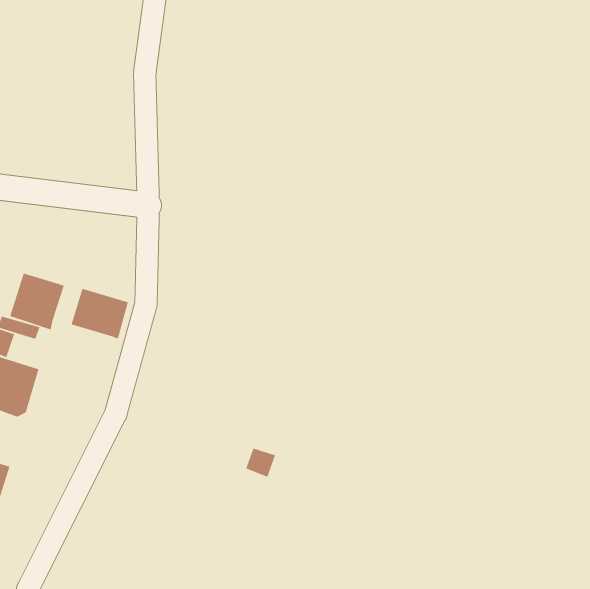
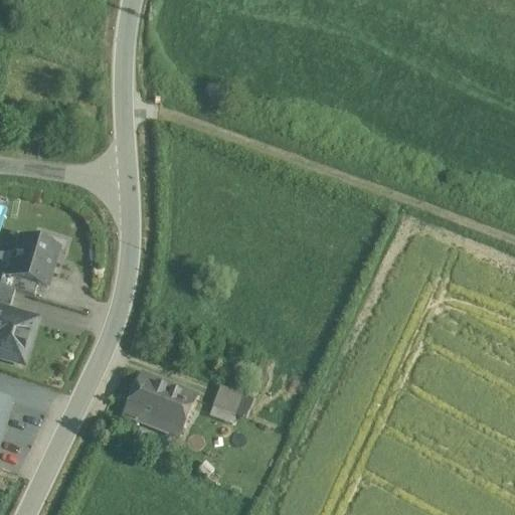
building: [70,288,129,340] -> none
building: none -> [123,373,193,435]

